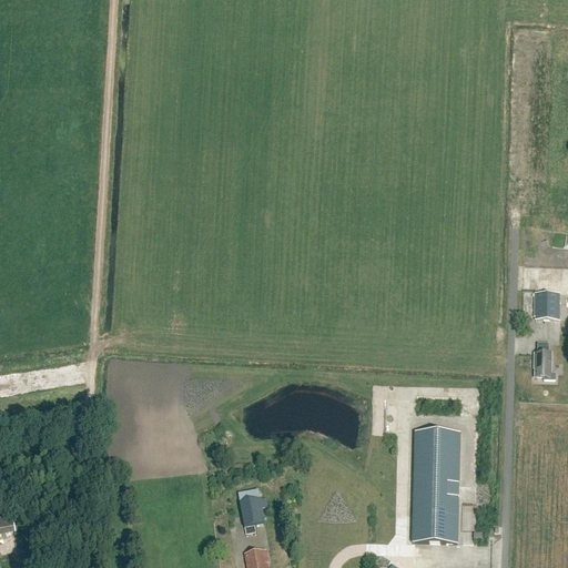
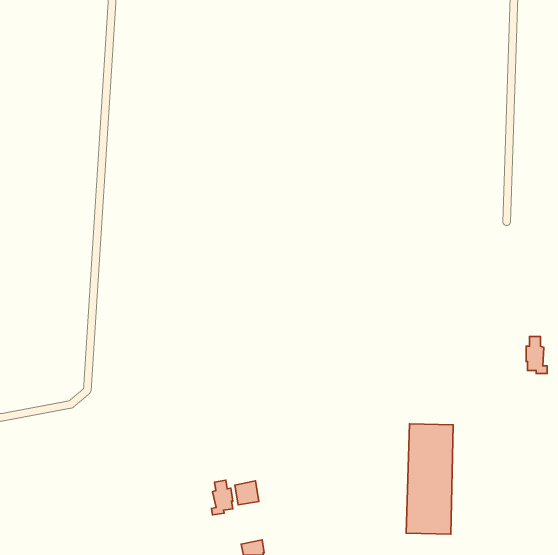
building: [535,292,560,318] -> none
building: none -> [211,480,233,515]

